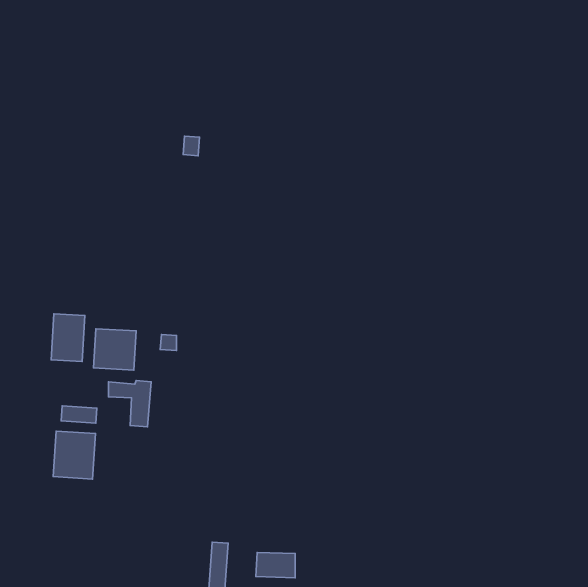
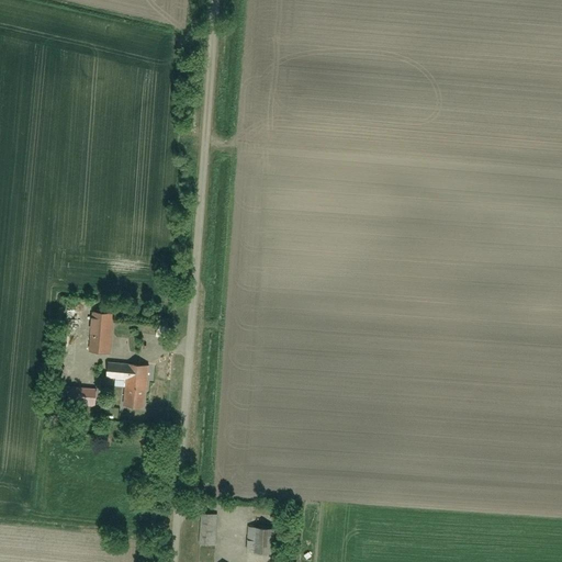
building: [51,314,85,362] -> none
building: [53,431,95,479] -> none

